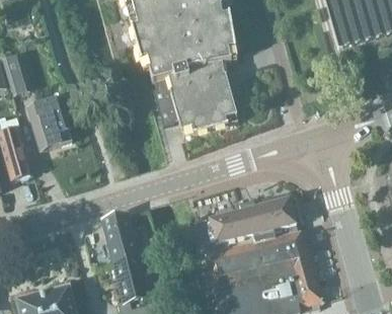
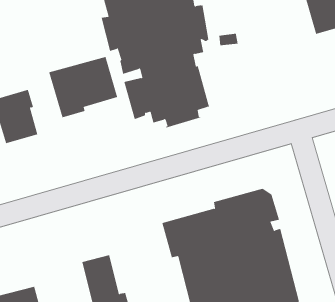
building: none -> [49,56,118,118]
building: [101,212,140,262] -> none

